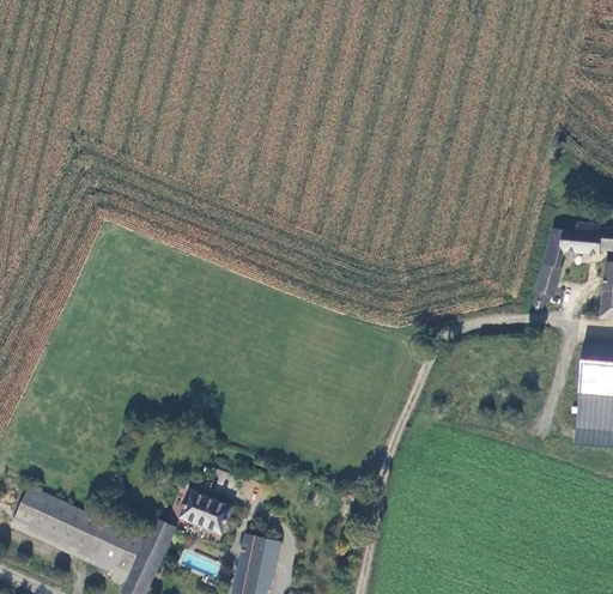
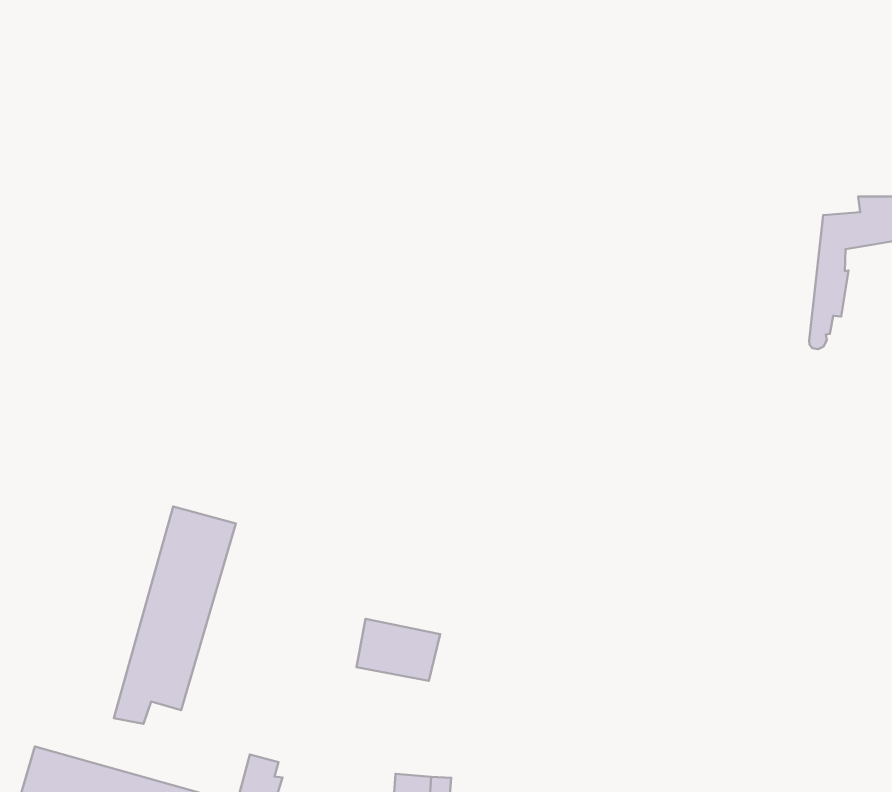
building: none -> [114,507,236,724]
building: [181,490,235,533] -> [356,619,440,681]

